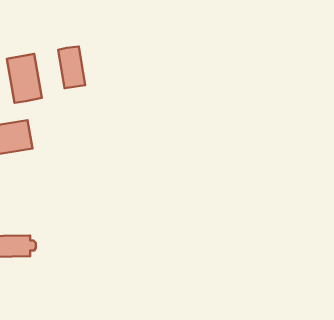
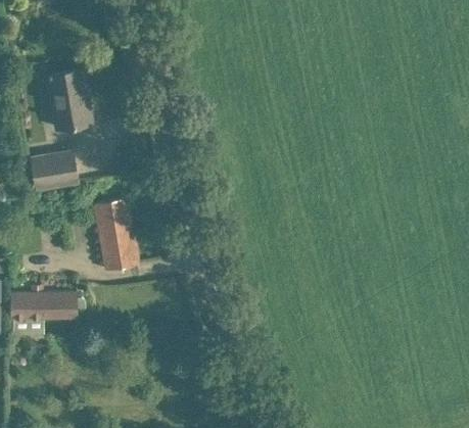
building: [58,46,85,88] -> none
building: none -> [95,199,138,271]

